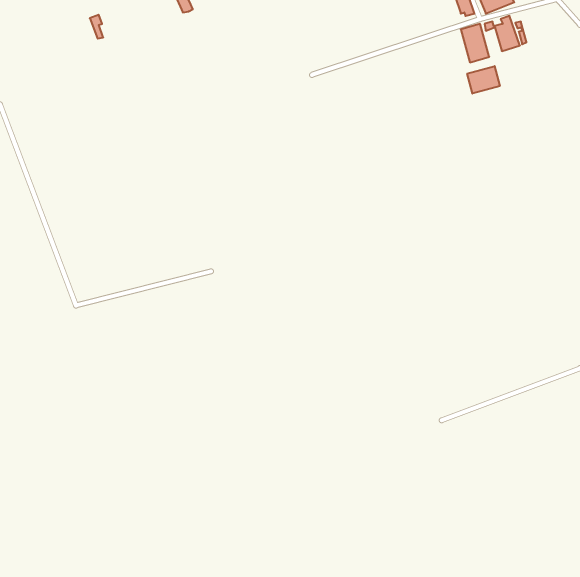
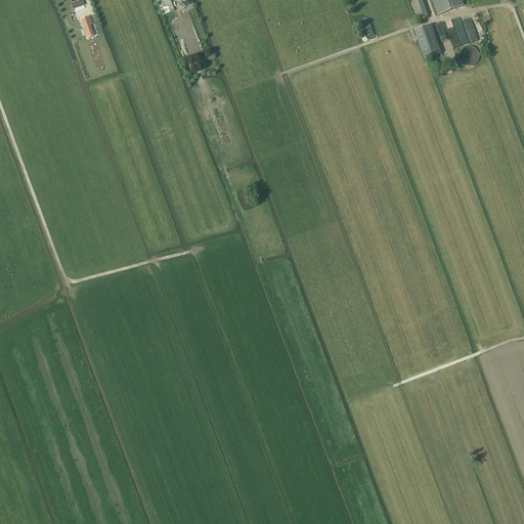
building: [467,66,500,94] -> none

